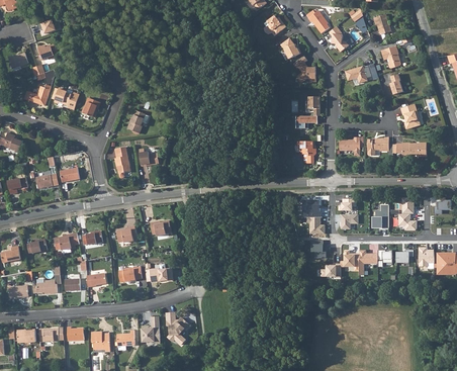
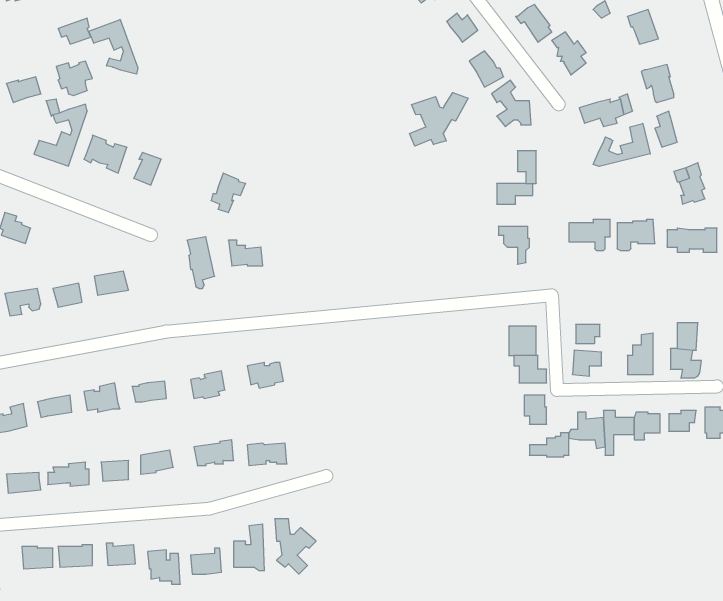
building: none -> [89,19,138,74]
building: none -> [410,93,468,146]
building: none -> [593,123,650,166]

